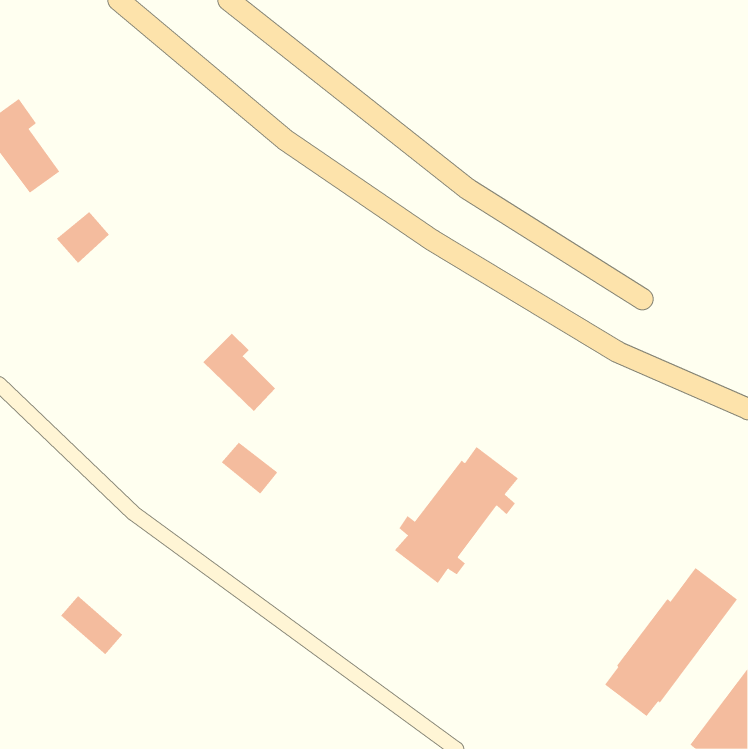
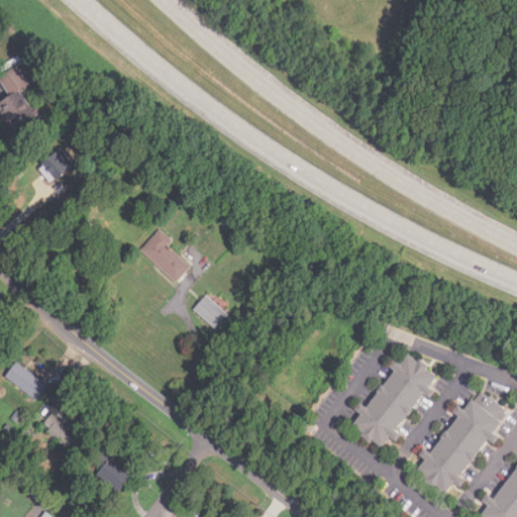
building: [221,442,278,494] -> [192,296,231,332]
building: [394,446,519,584] -> [351,353,437,448]
building: none -> [4,361,46,400]
building: none -> [96,457,131,492]

